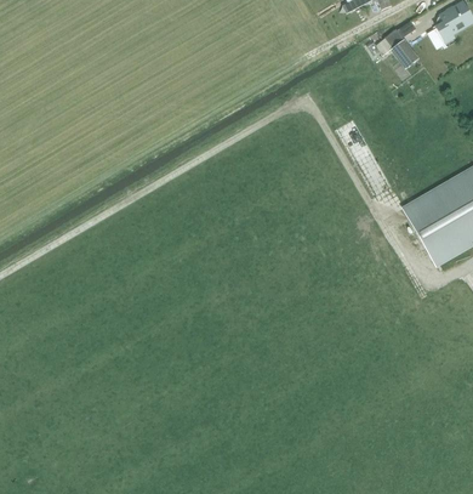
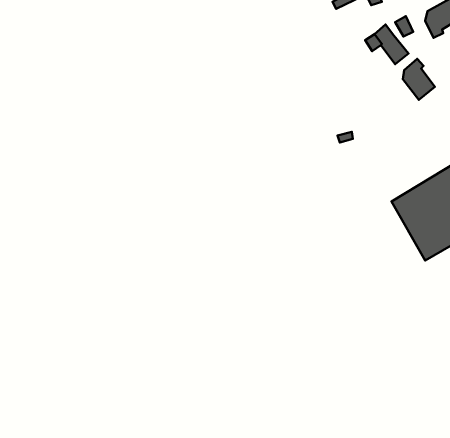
building: none -> [403,59,435,100]

